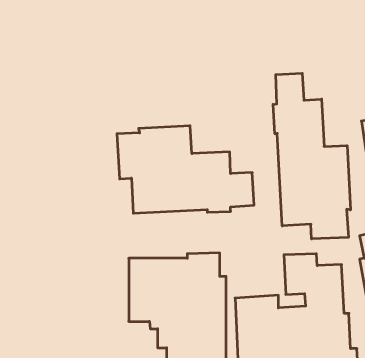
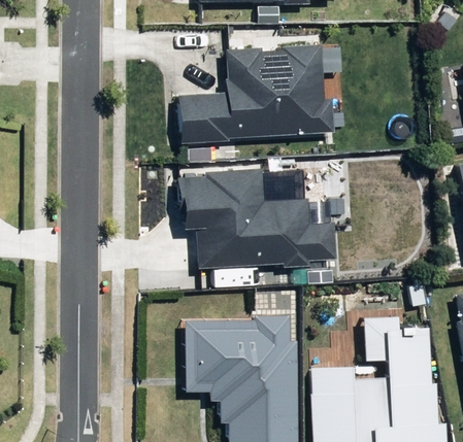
building: none -> [176,44,331,143]
building: [273,73,350,239] -> none

